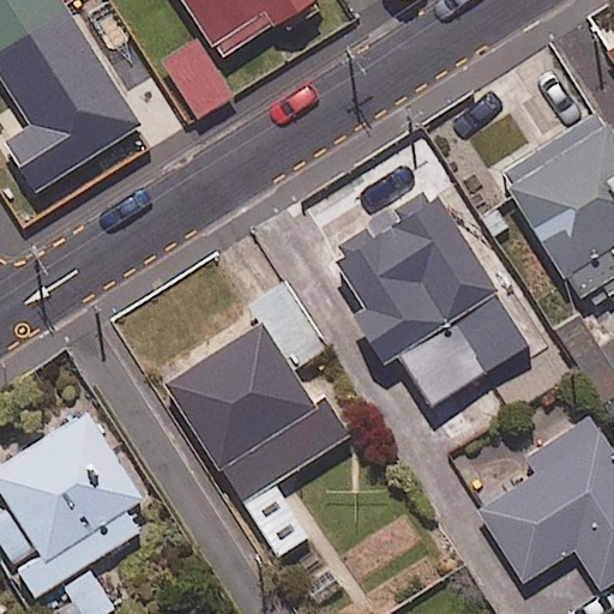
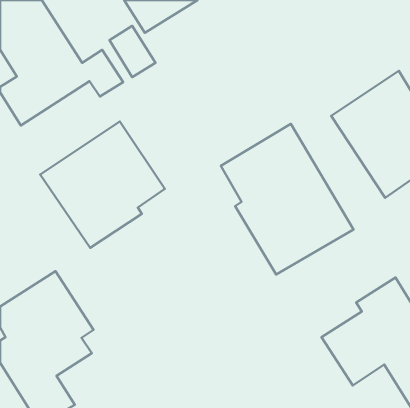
building: none -> [40,121,165,248]
building: [161,285,349,558] -> none

